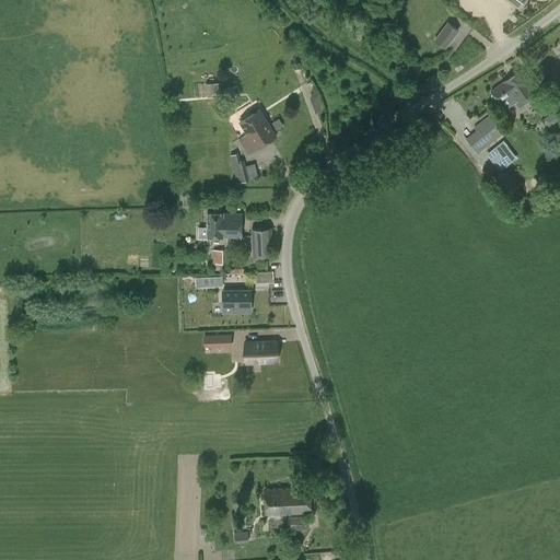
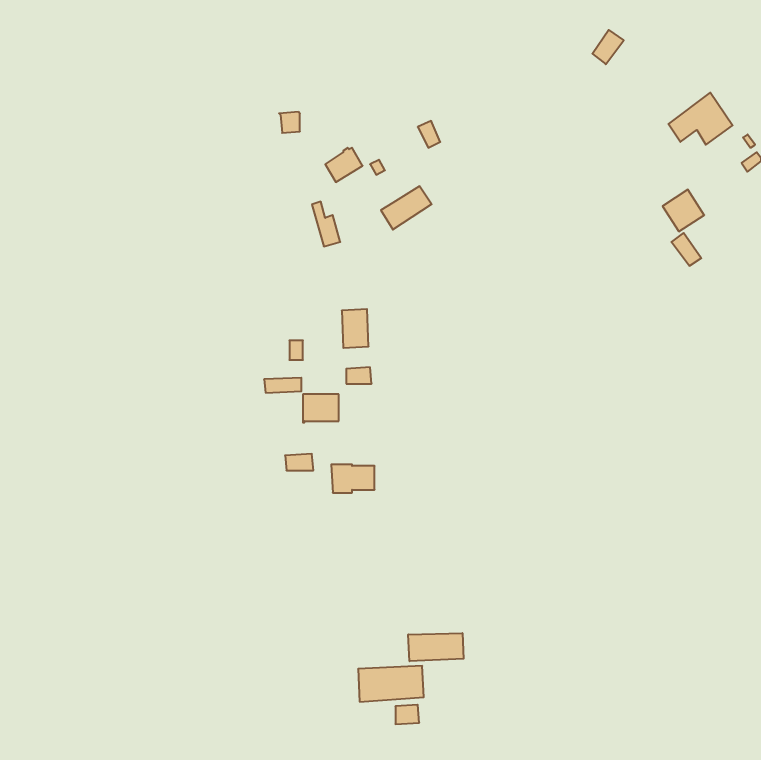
building: [465,116,504,156] -> none
building: [237,124,275,155] -> [381,186,432,230]
building: [206,213,240,240] -> none
building: none -> [408,633,464,661]

